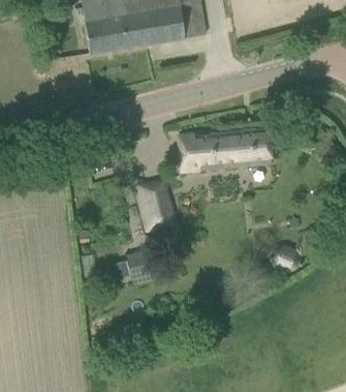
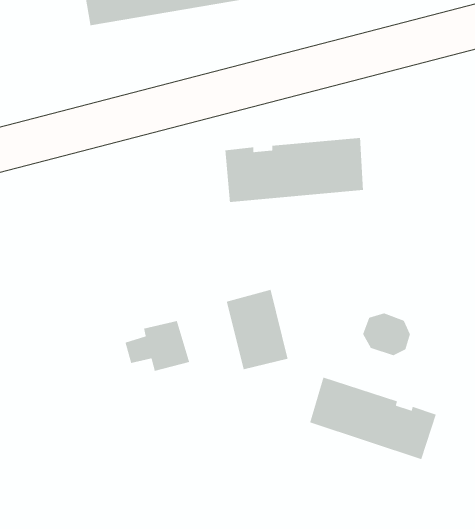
building: [134,176,176,230] -> [226,289,288,370]
building: none -> [309,376,437,460]

